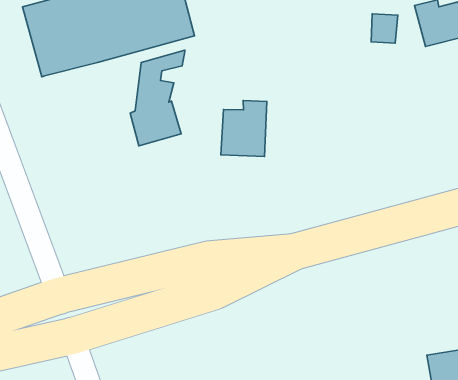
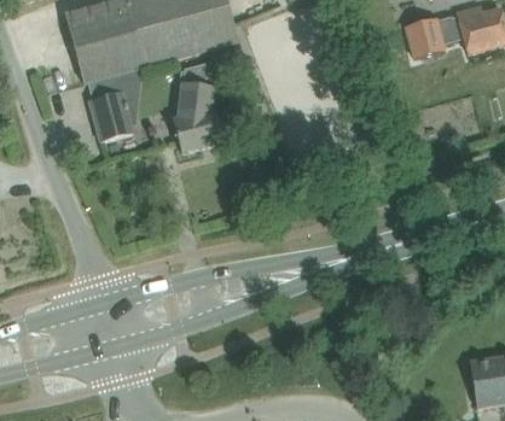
building: none -> [87,69,140,141]
building: [221,100,267,157] -> none

